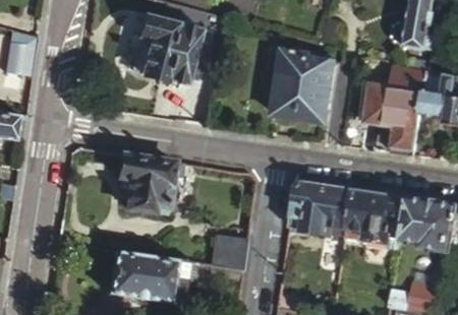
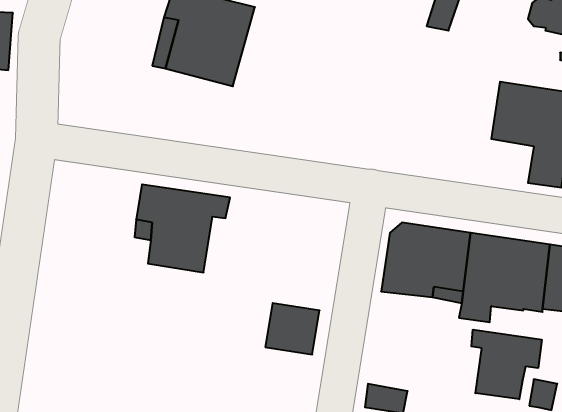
building: [268,47,333,122] -> none
building: [105,251,186,304] -> none
building: none -> [471,330,542,399]

